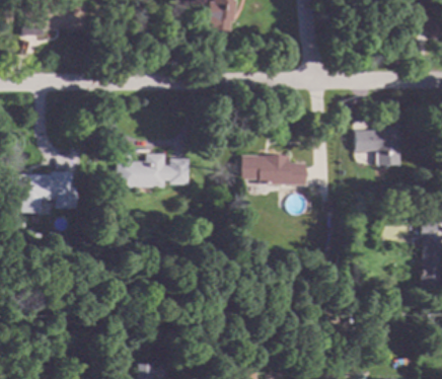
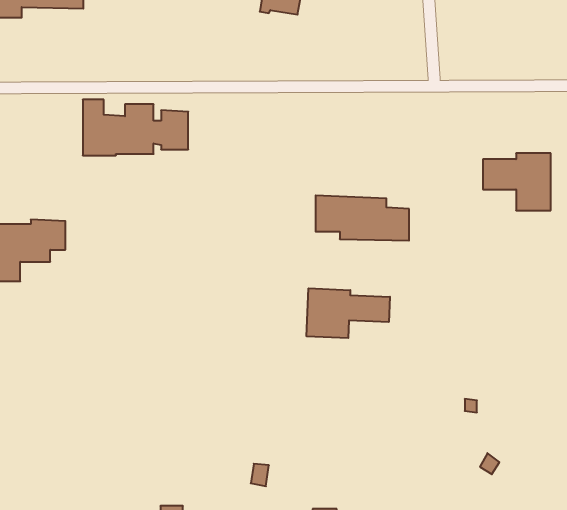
building: [119,151,190,188] -> [83,100,188,155]
building: none -> [307,288,390,338]

